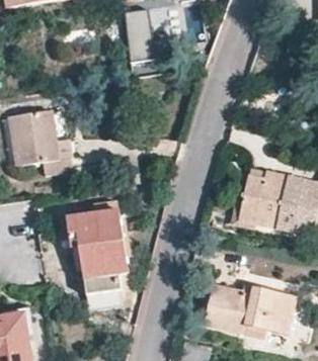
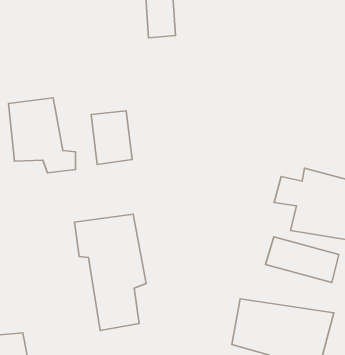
building: none -> [91,111,132,164]
building: none -> [266,237,339,282]

